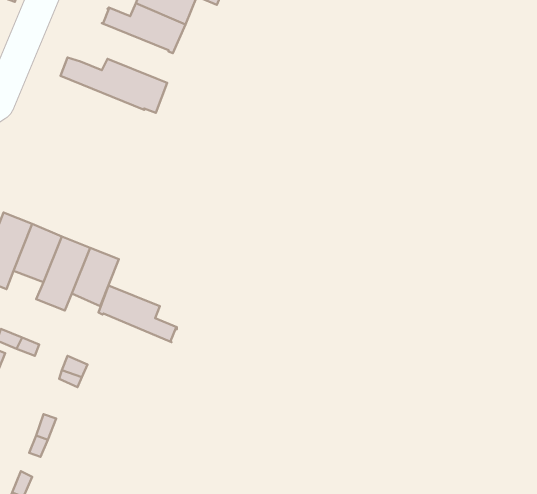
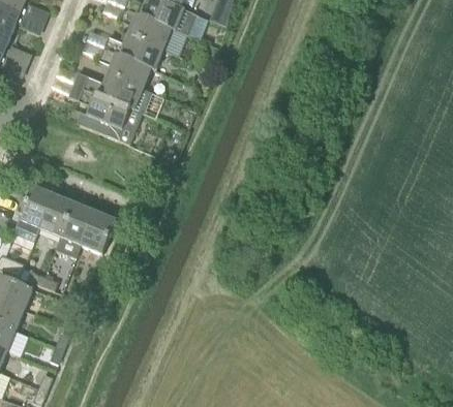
building: none -> [97,49,151,89]
building: none -> [68,87,142,144]
building: [98,286,177,342] -> none

